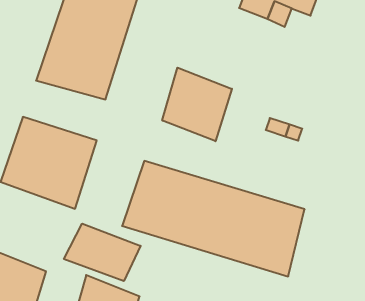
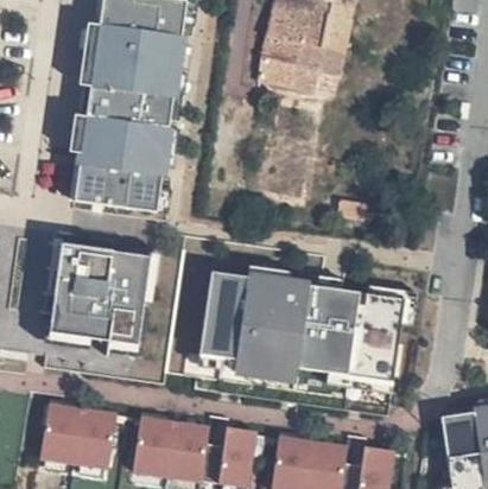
building: [162,68,232,141] -> none
building: [64,224,141,281] -> none

